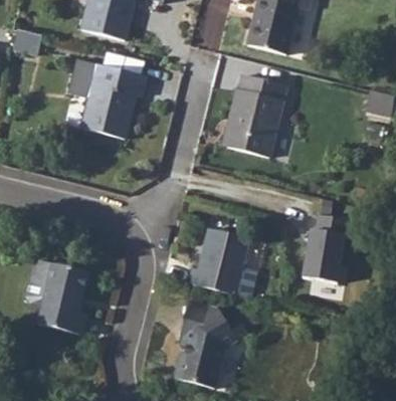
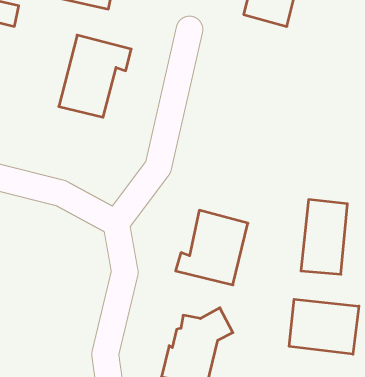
building: [229,73,288,156] -> none
building: [36,262,85,336] -> none
building: none -> [289,299,359,354]

